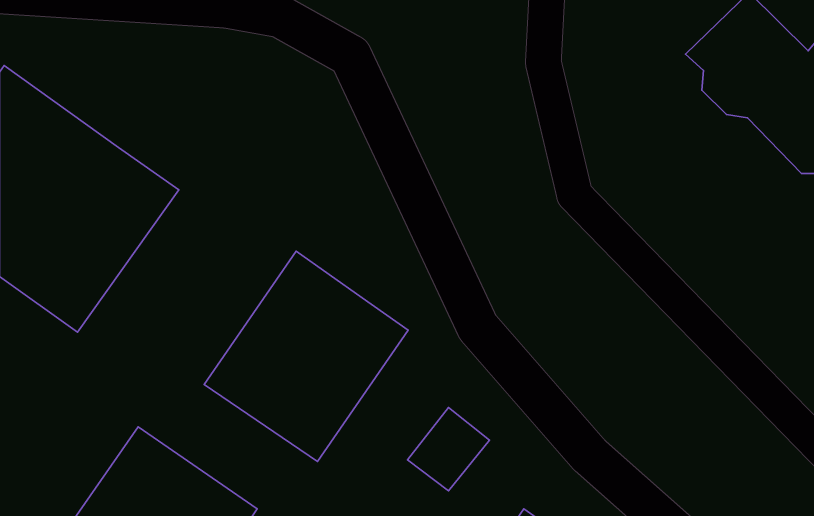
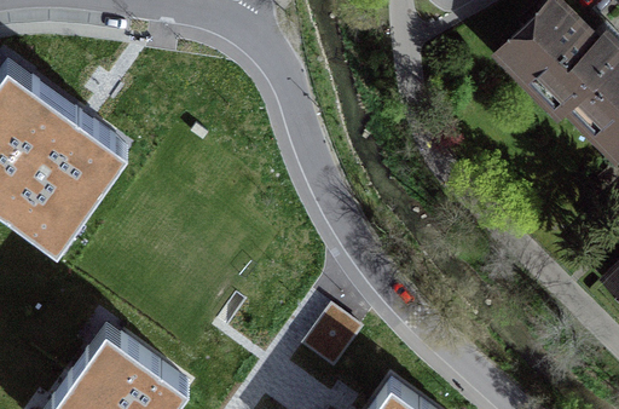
building: [204,251,408,461] -> none

